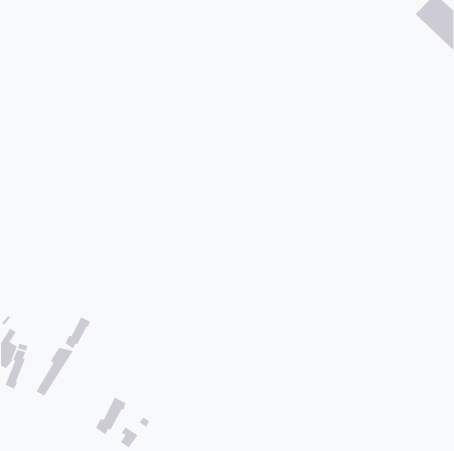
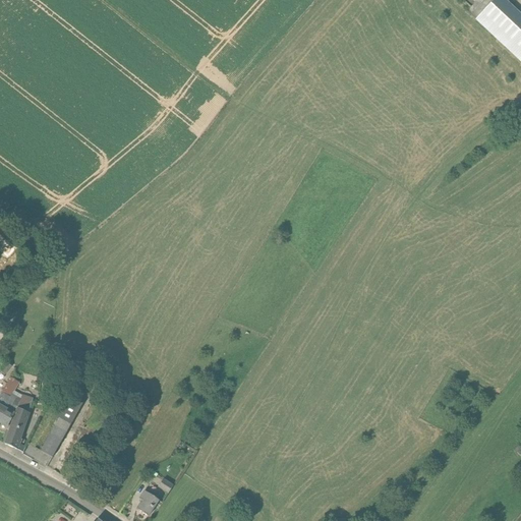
building: [65,316,91,350] -> none
building: [95,397,127,436] -> none

